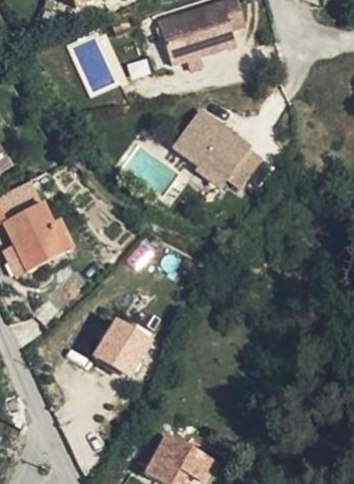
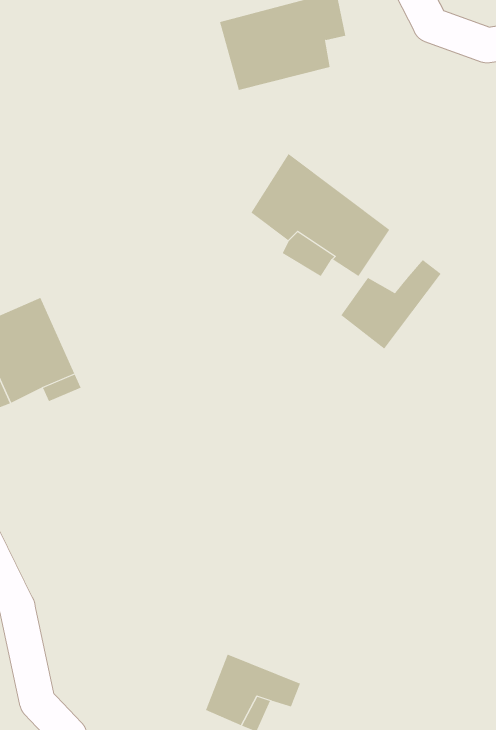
building: none -> [340,259,441,349]
building: [96,321,146,370] -> none

